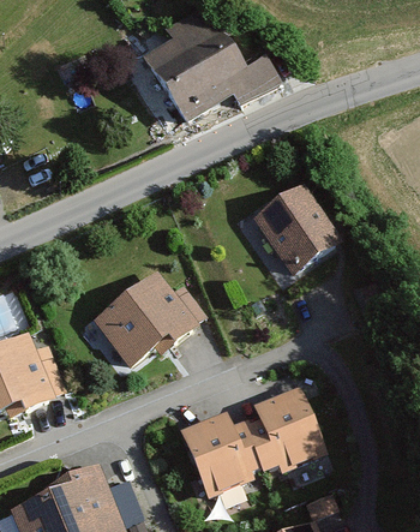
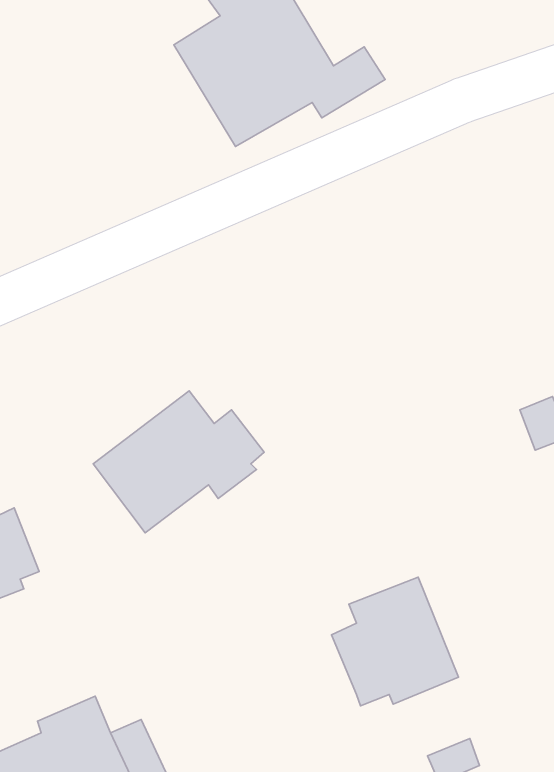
building: [258,191,334,269] -> none
building: [180,413,259,496] -> none

